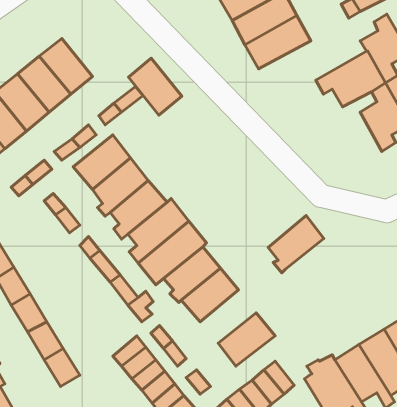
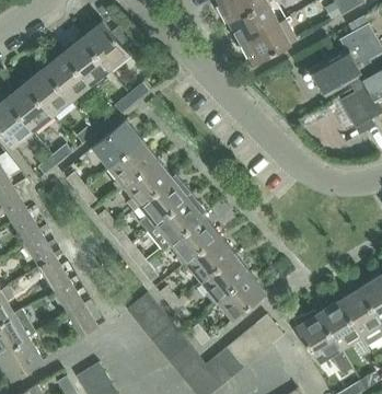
building: [128,58,182,115] -> [82,21,128,70]
building: [268,216,324,273] -> [201,254,250,303]

